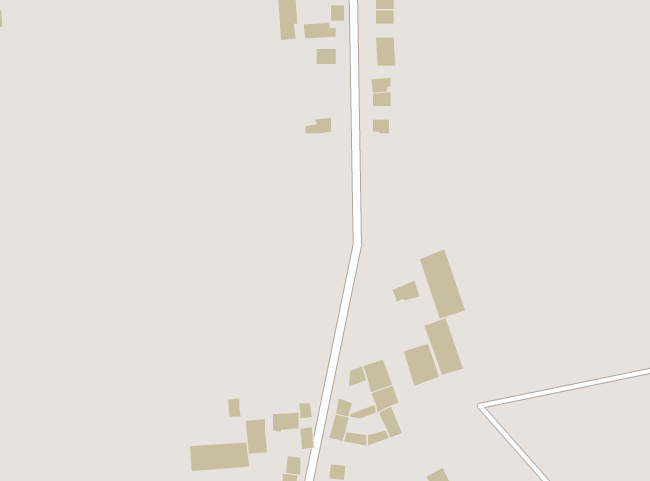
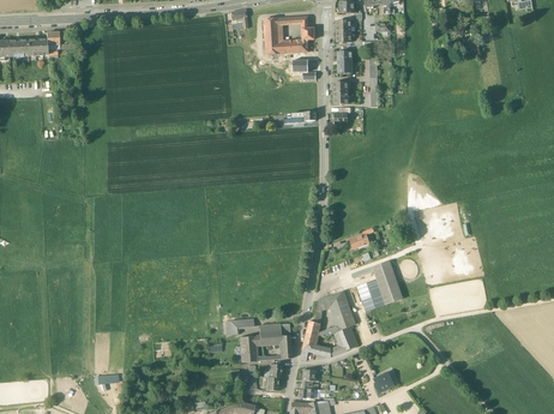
building: [419,249,466,320] -> none
building: [190,442,250,472] -> none

